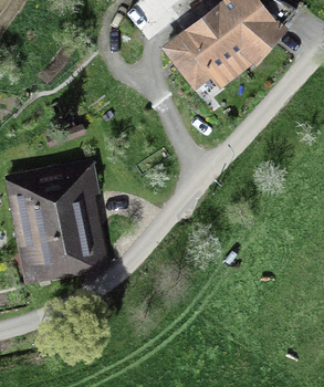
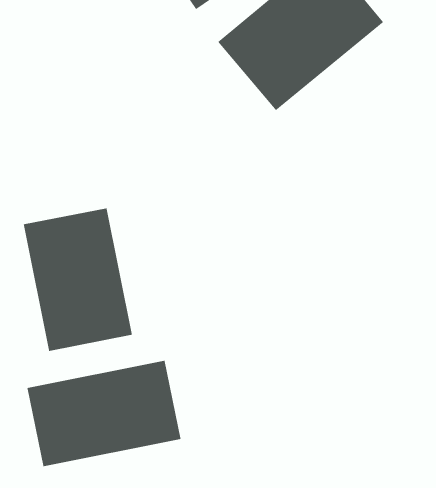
building: none -> [26,360,182,467]

